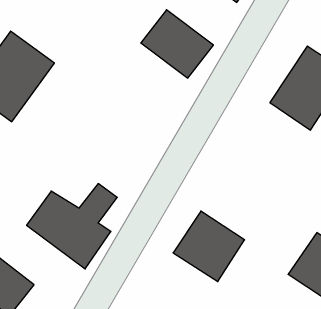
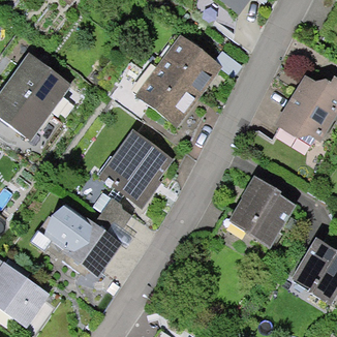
building: none -> [128,61,198,128]
building: none -> [96,127,172,203]
building: [173,211,245,282] -> [231,183,300,251]

